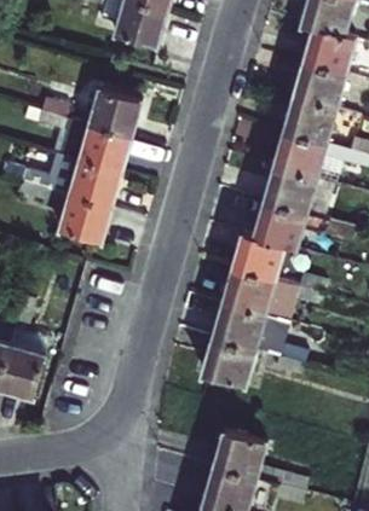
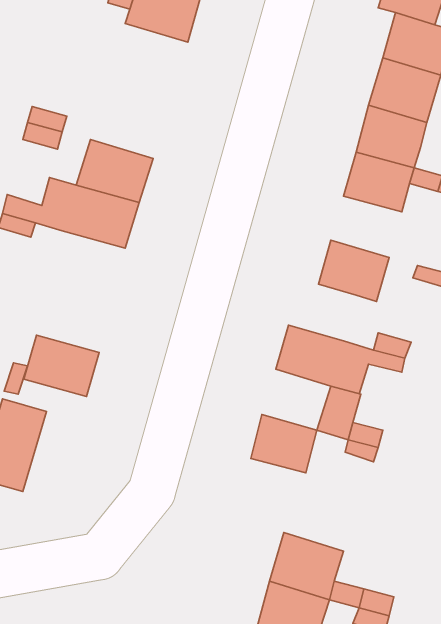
building: [80,86,138,137] -> none
building: [265,166,319,213] -> none
building: [48,192,106,239] -> [24,335,99,397]
building: [232,231,284,277] -> none
building: [212,298,265,345] -> none

